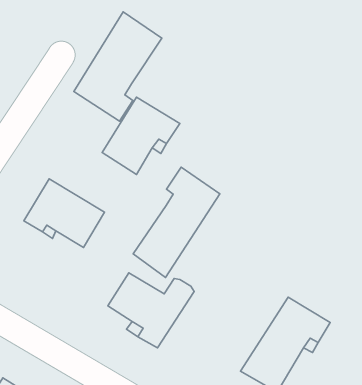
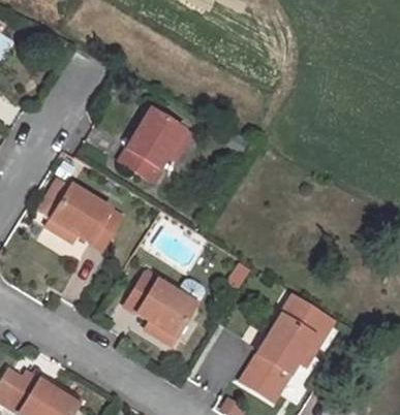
building: [74,12,162,121] -> none
building: [133,167,220,278] -> none

